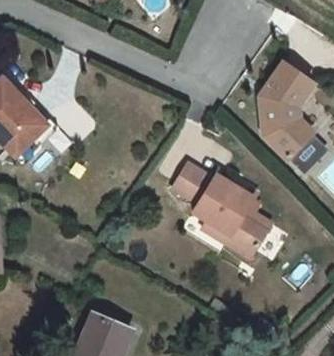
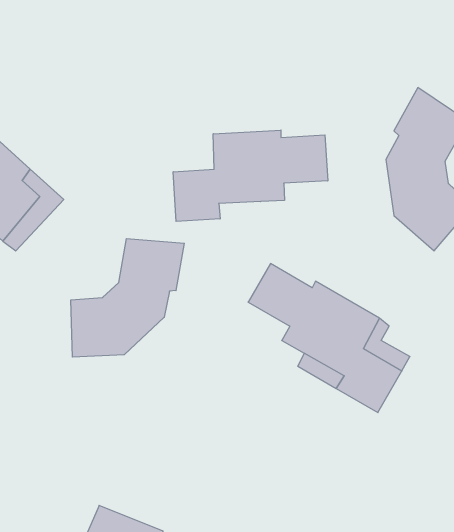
building: none -> [173,130,328,221]
building: none -> [71,239,184,357]

